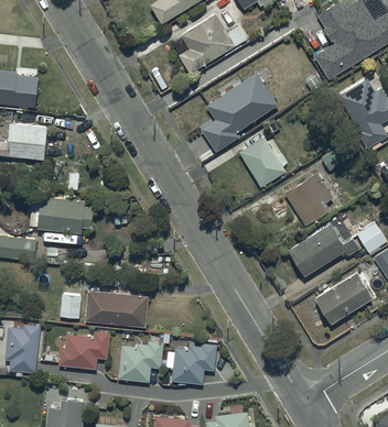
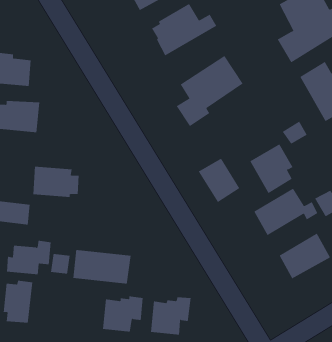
building: [238,136,285,187] -> [198,158,240,203]
building: [60,331,110,370] -> [6,240,51,275]

